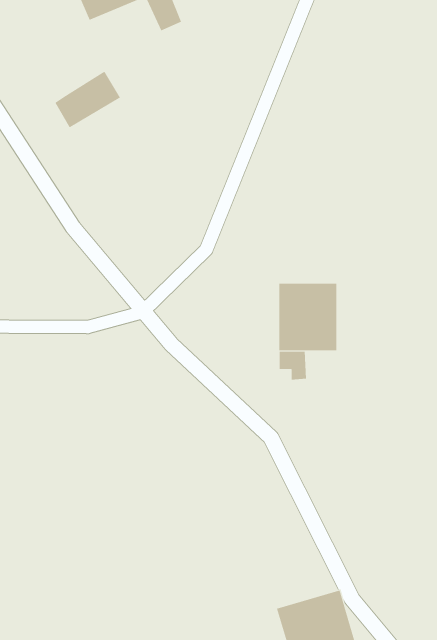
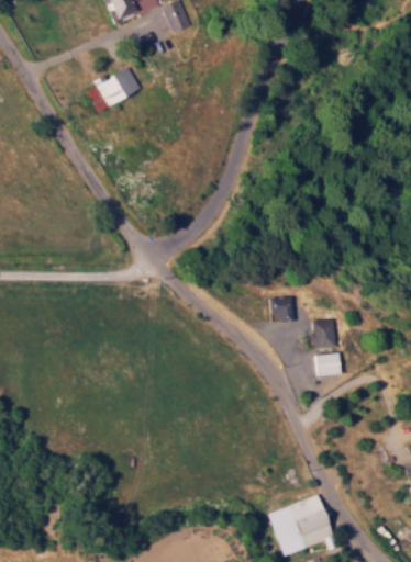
building: [279,283,337,351] -> none
building: none -> [313,319,335,347]
building: none -> [315,352,341,375]

